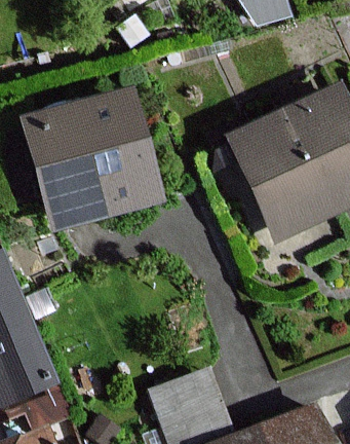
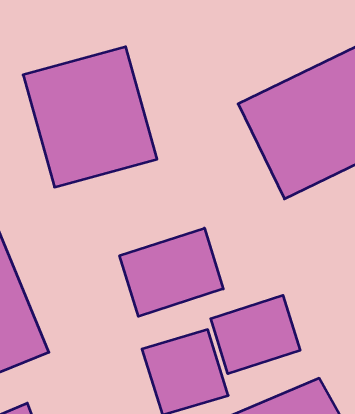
building: none -> [120,228,223,316]
building: none -> [211,295,300,374]

